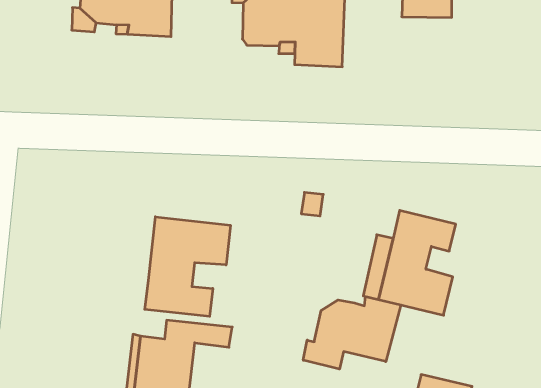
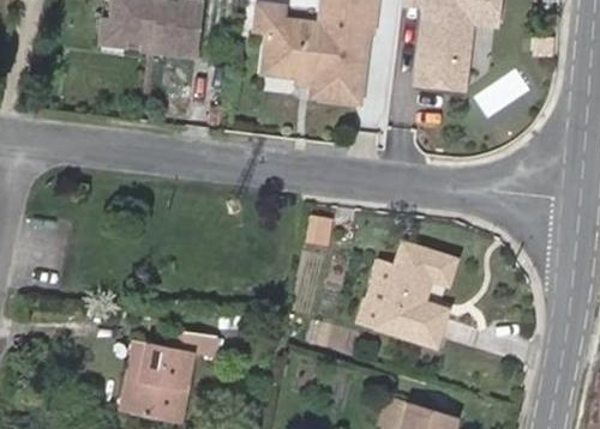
building: none -> [418,58,468,86]
building: [145,217,230,316] -> none
building: [303,297,401,369] -> none

